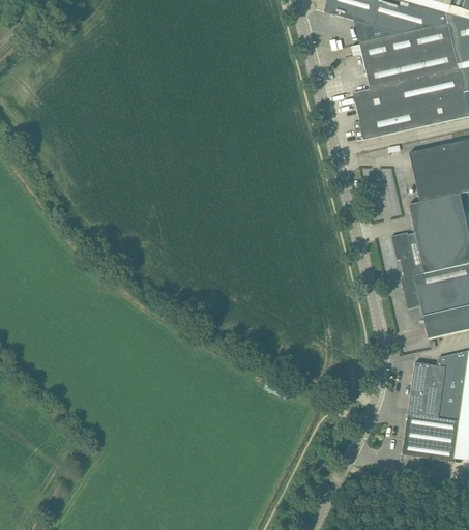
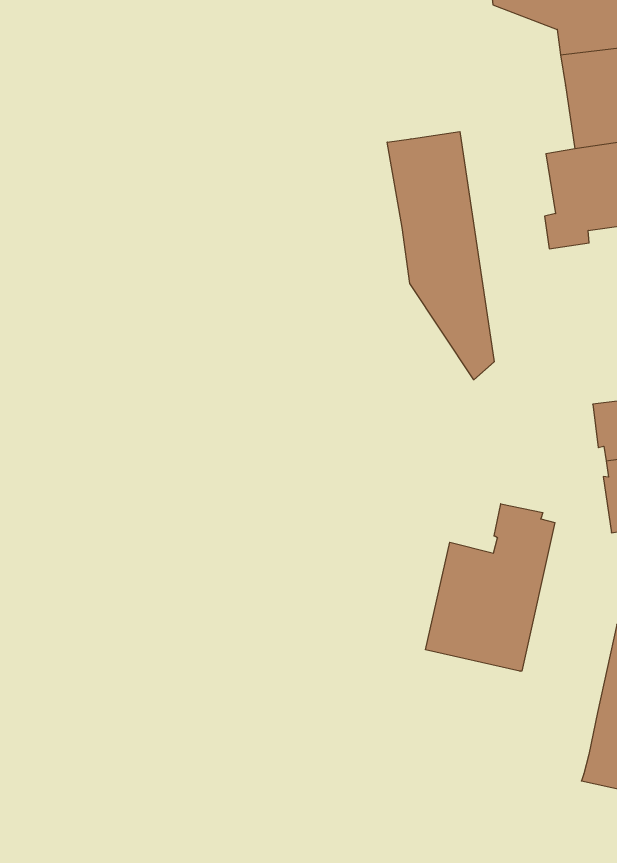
building: none -> [387,132,494,380]
building: none -> [426,504,555,671]

